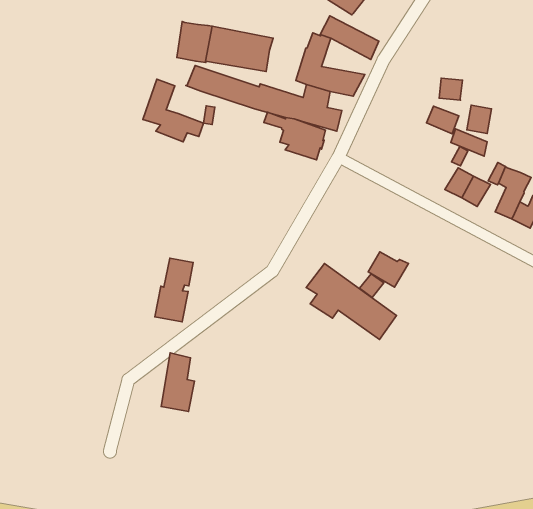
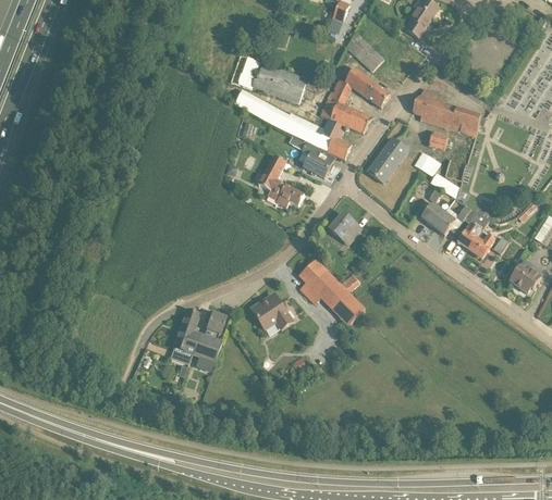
building: none -> [414,96,482,137]
building: [143,79,204,142] -> [257,154,304,207]
building: none -> [369,139,408,183]
building: [368,252,409,287] -> [329,215,361,245]
building: [155,258,193,322] -> [192,313,229,364]
building: none -> [250,296,294,329]

